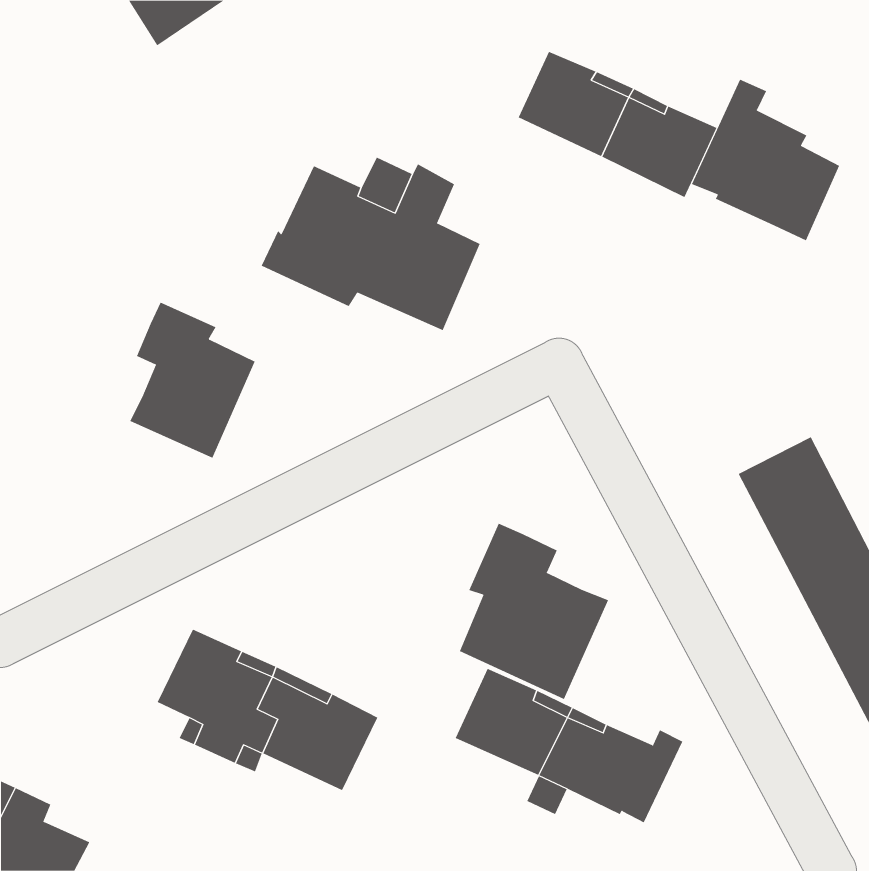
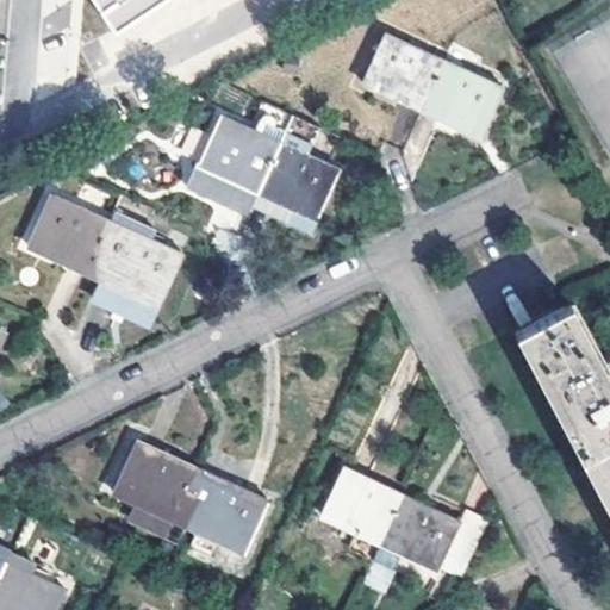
building: [691,79,840,241] -> none
building: none -> [25,192,110,278]
building: [459,523,609,700] -> none

